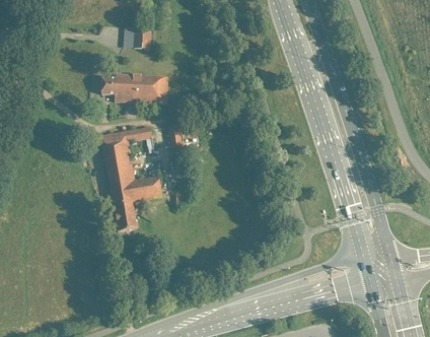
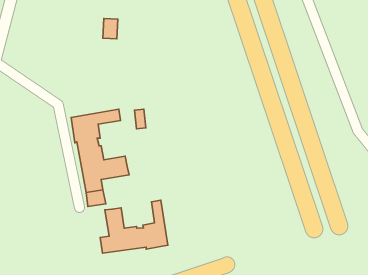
building: [102,73,169,104] -> none
building: none -> [100,200,168,253]

